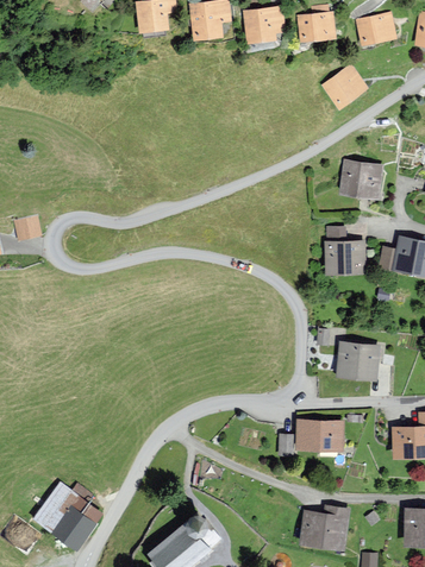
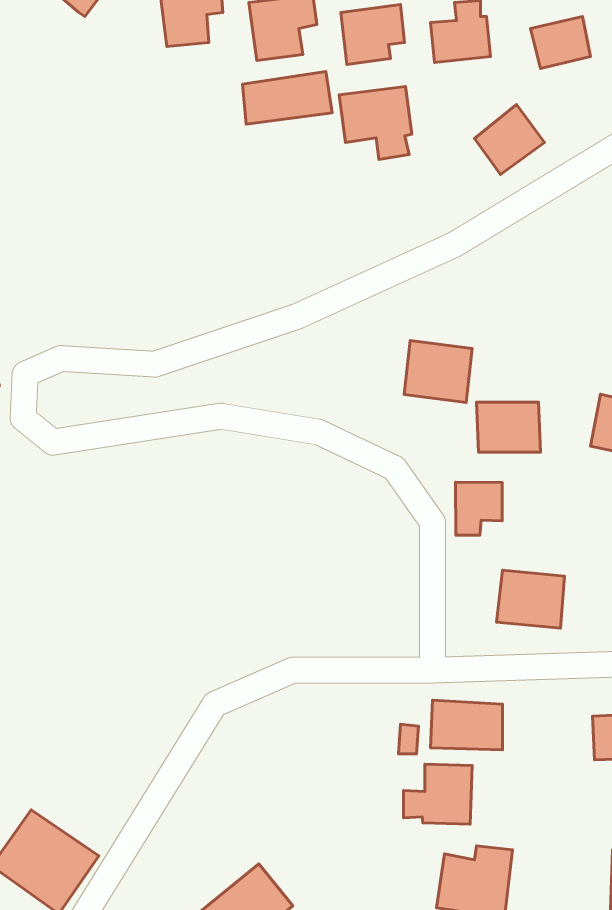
building: none -> [243,72,332,124]
building: none -> [339,86,412,159]
building: [340,160,381,197] -> [404,341,472,403]
building: none -> [456,482,502,535]
building: none -> [404,764,472,824]

